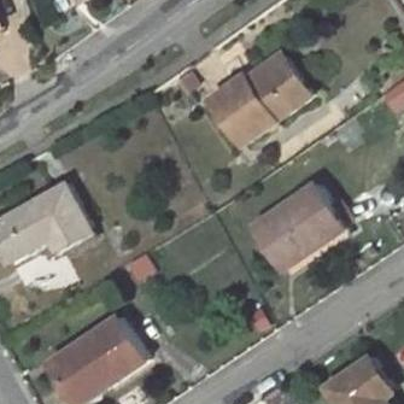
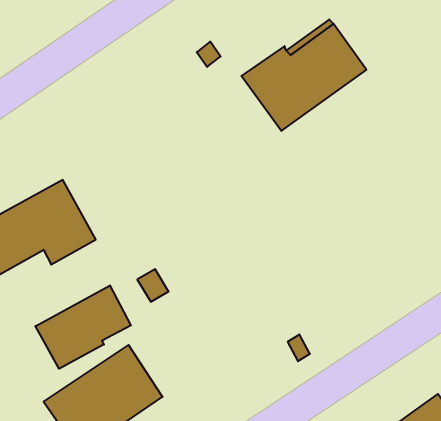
building: [252,183,344,269] -> none
building: none -> [35,285,131,369]

